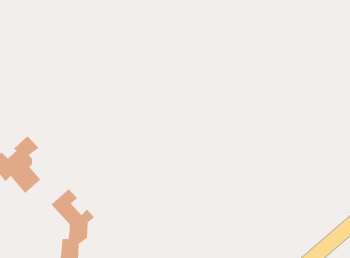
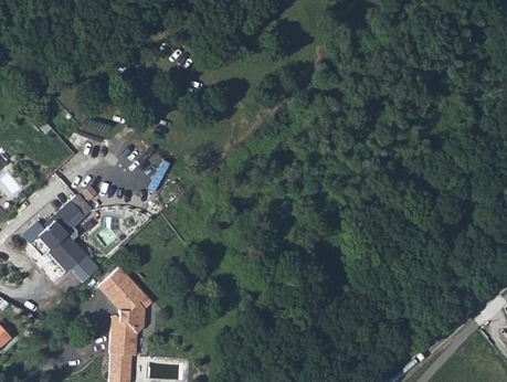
building: none -> [66,255,98,286]

